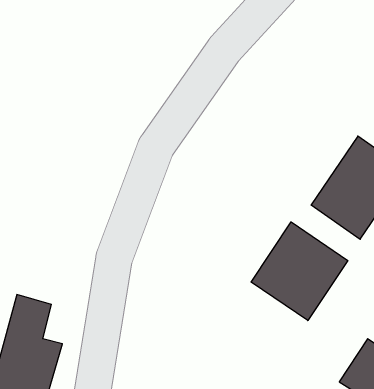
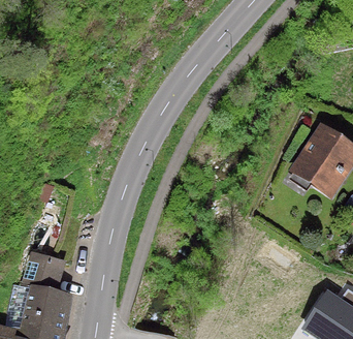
building: [251,222,348,321] -> none

